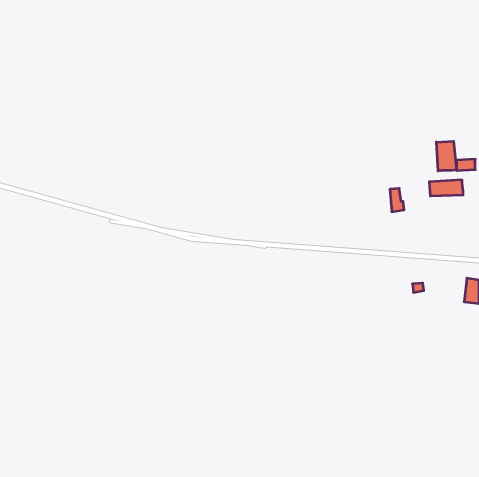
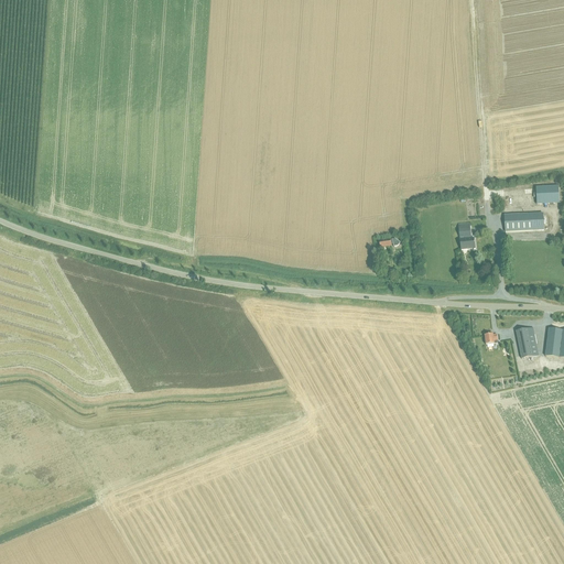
building: [436,141,456,171] -> none
building: none -> [517,326,539,357]

